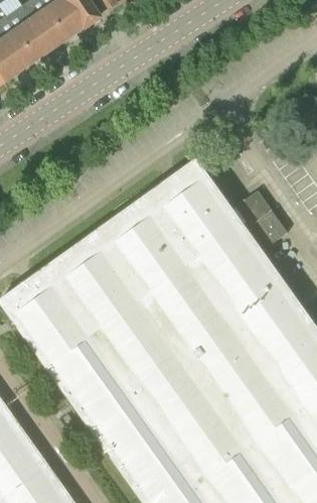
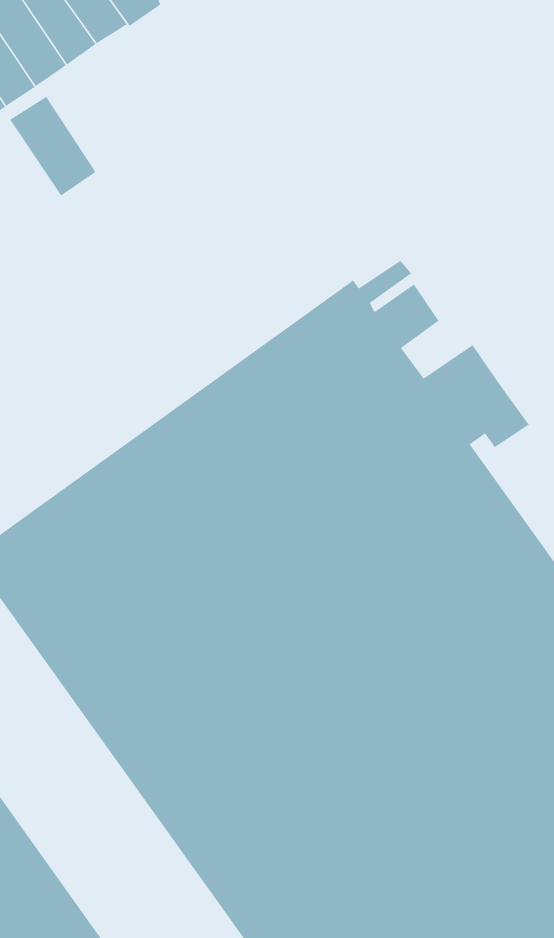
building: none -> [9,96,97,196]

